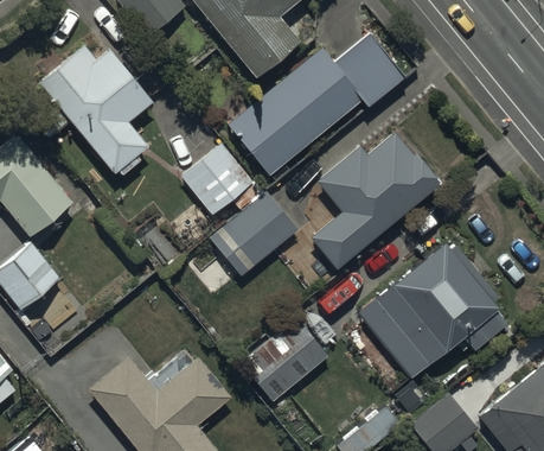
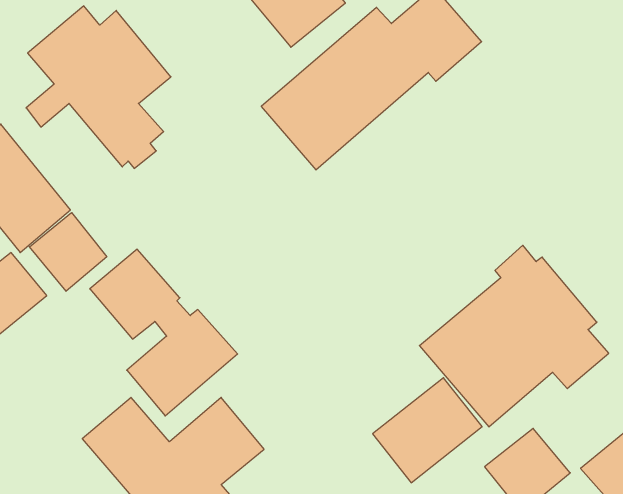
building: [307,133,439,271] -> none
building: [180,142,299,277] -> [90,249,238,416]
building: none -> [29,213,107,291]
building: [239,316,327,400] -> [373,378,482,483]

